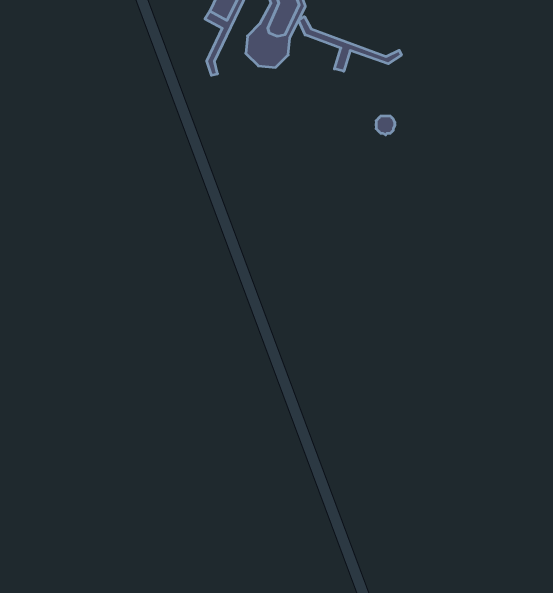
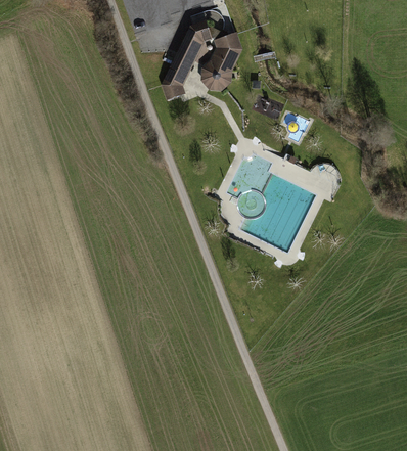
building: [298,17,401,71] -> none
building: none -> [164,57,187,99]

